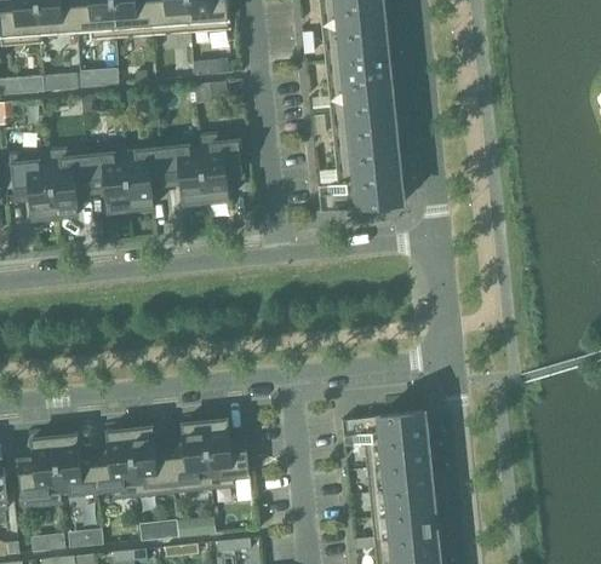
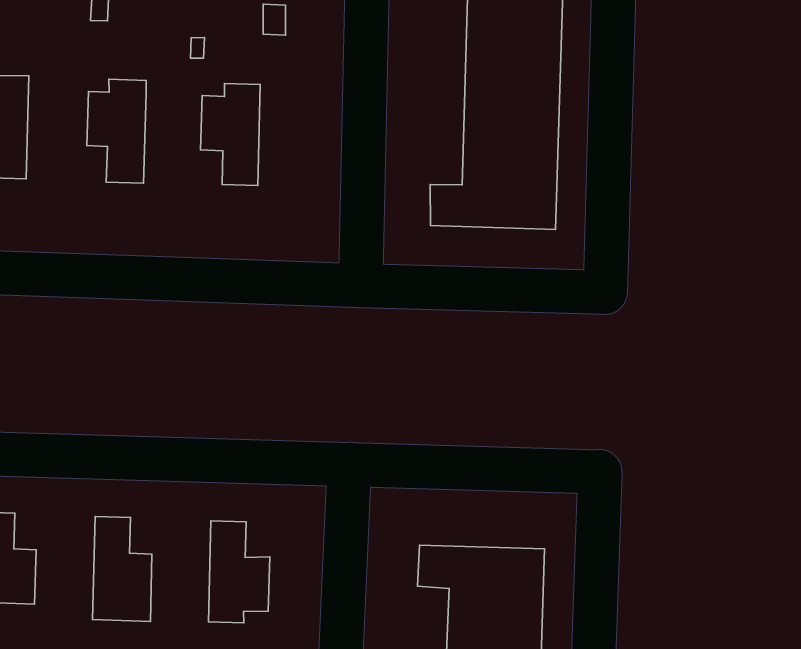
building: [200,134,244,202] -> none
building: [50,148,93,218] -> none
building: [127,149,167,211] -> none
building: [171,422,213,493] -> none
building: [96,430,138,499] -> none

